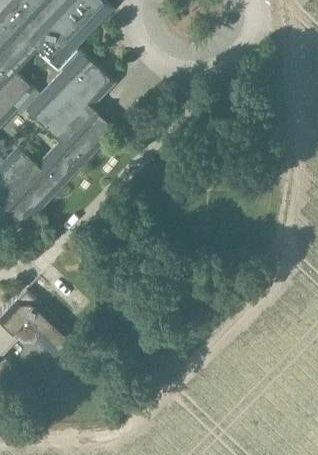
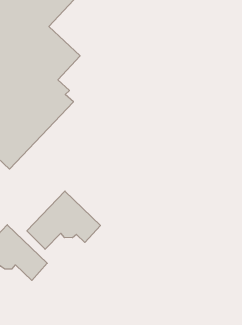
building: none -> [27,191,100,249]

